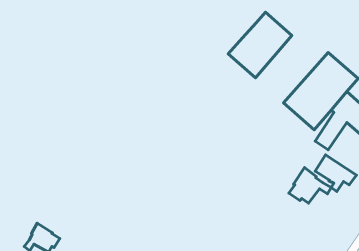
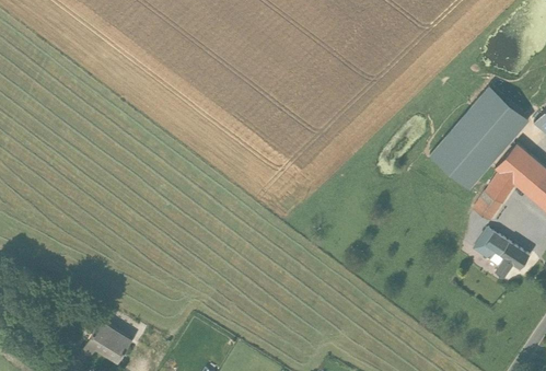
building: [228,12,292,78] -> none
building: [289,168,331,203] -> none

